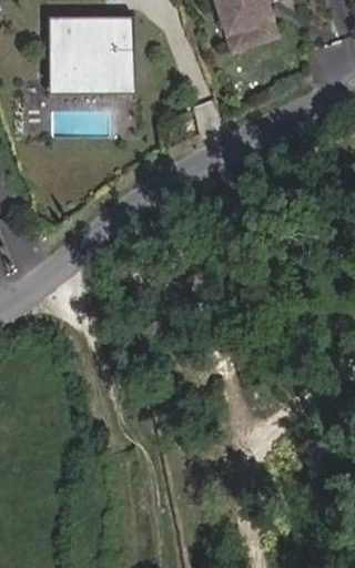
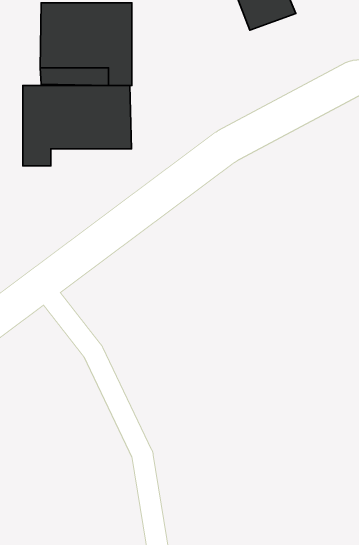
building: none -> [23,85,131,166]

